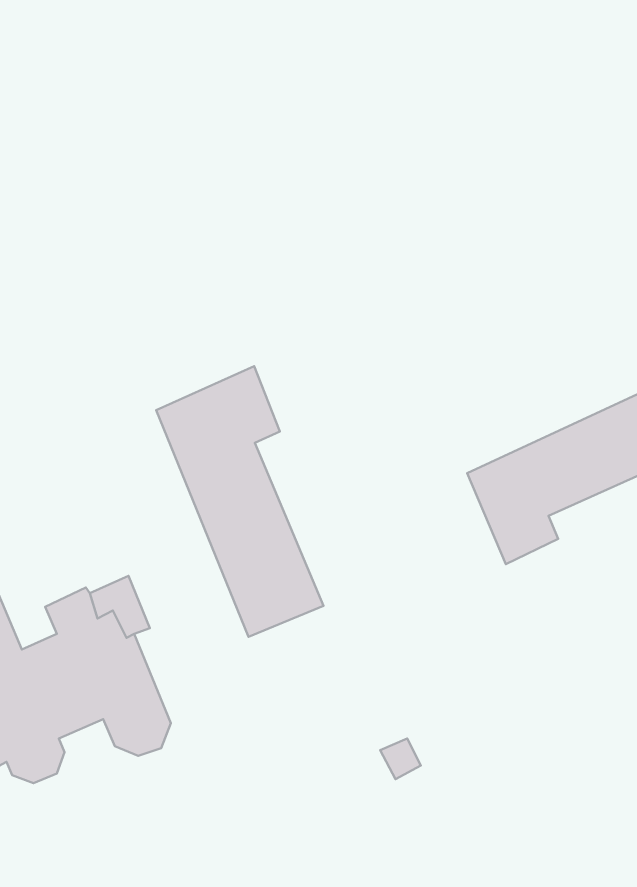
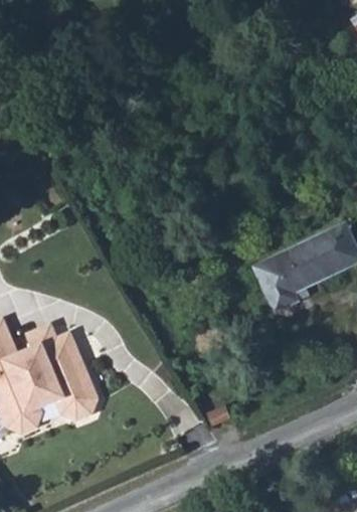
building: [156,366,323,637] -> none

